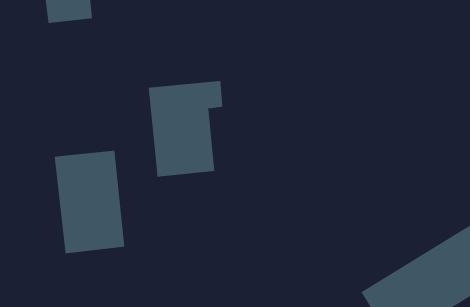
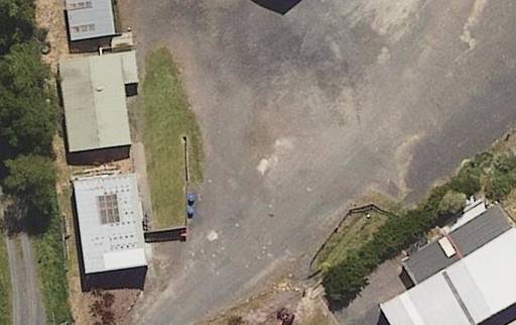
building: [148,81,223,177] -> [61,52,137,149]

